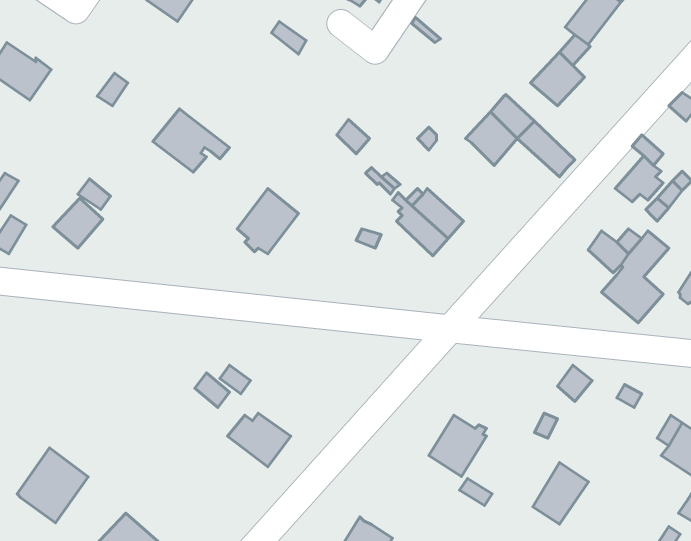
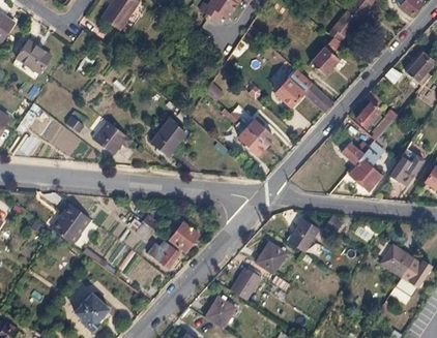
building: [153,109,230,172] -> [91,120,133,154]
building: none -> [34,114,63,143]
building: none -> [170,223,198,252]
building: [17,448,88,523] -> [51,205,89,245]
building: [533,463,588,524] -> [288,219,318,252]
building: none -> [230,268,261,301]

